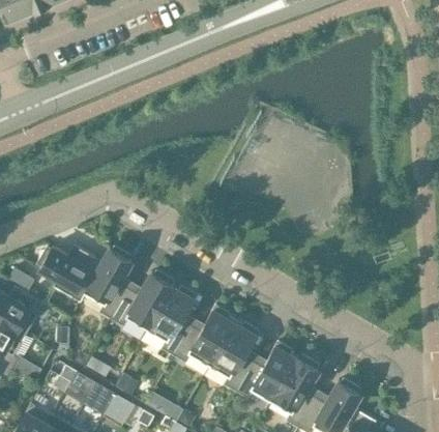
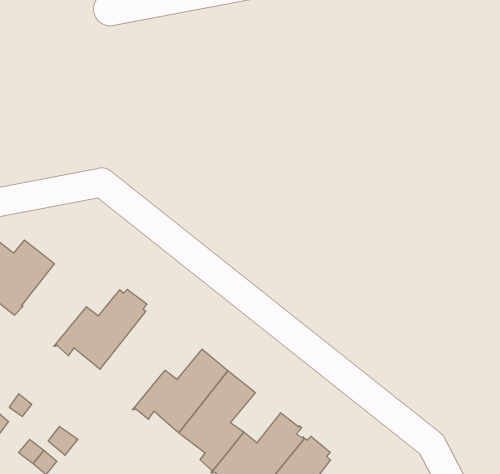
building: [83,249,130,321] -> none
building: [145,286,194,357] -> none

